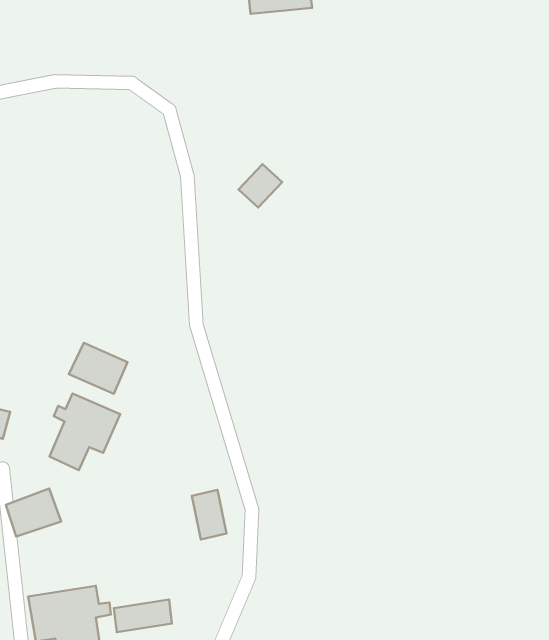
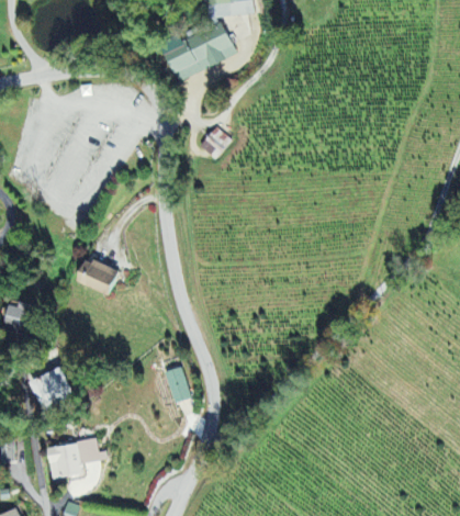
building: none -> [161,20,236,81]
building: [49,394,120,470] -> none
building: [114,599,172,632] -> none

